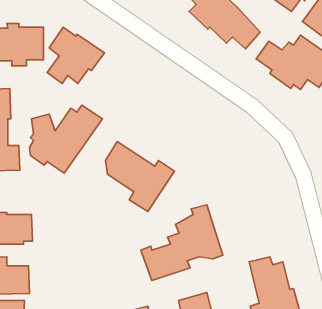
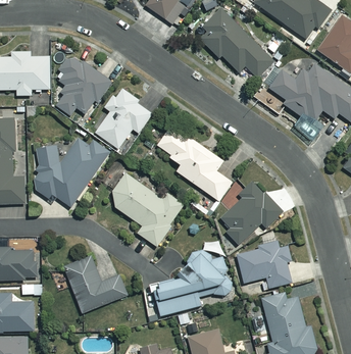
building: none -> [96,87,152,148]
building: none -> [157,123,232,200]
building: none -> [221,180,283,244]
building: none -> [237,239,292,288]
building: none -> [64,255,127,312]

